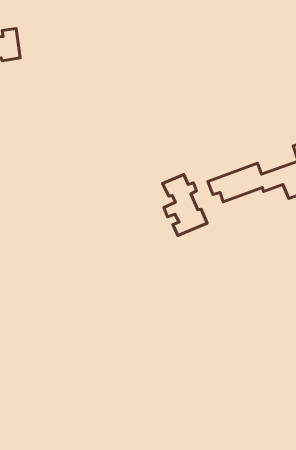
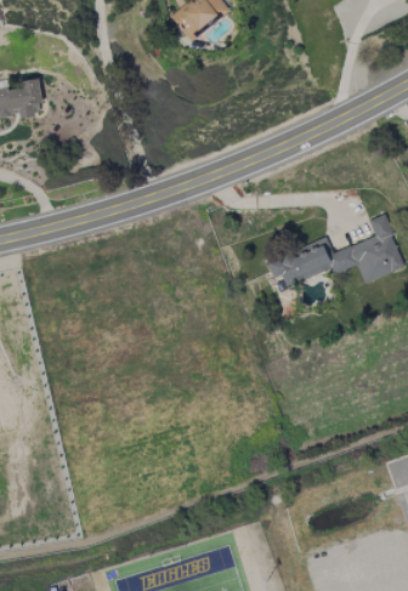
building: [163,175,207,235] -> none

